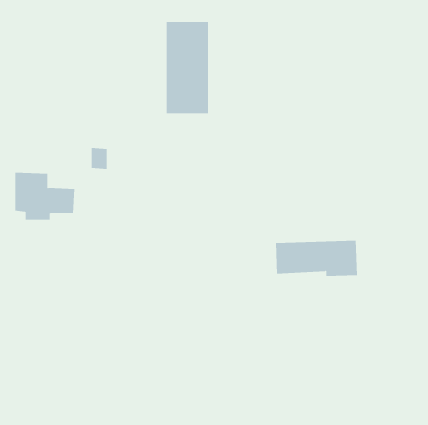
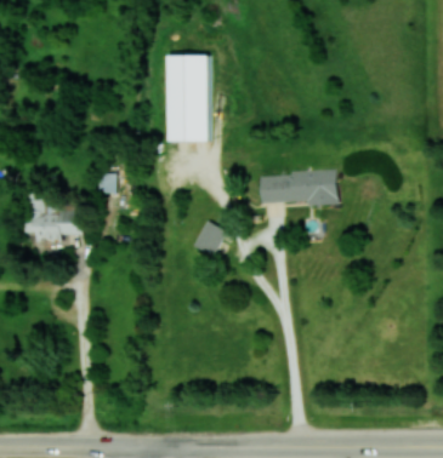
building: none -> [193,221,226,257]
building: [275,240,358,277] -> [259,172,336,206]

